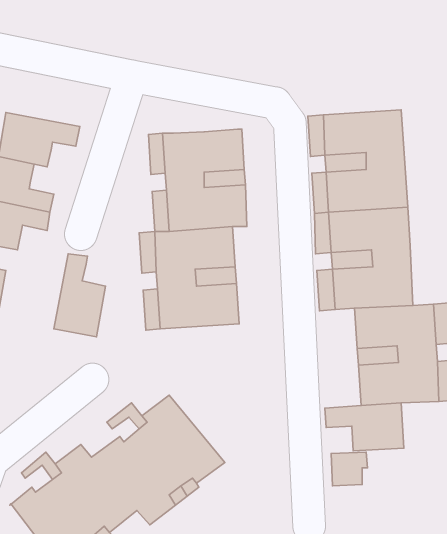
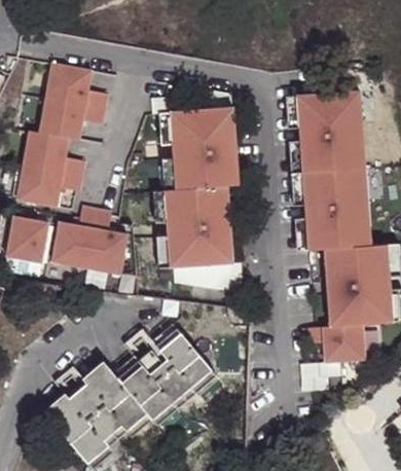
building: none -> [46,62,108,107]
building: none -> [50,205,96,267]

